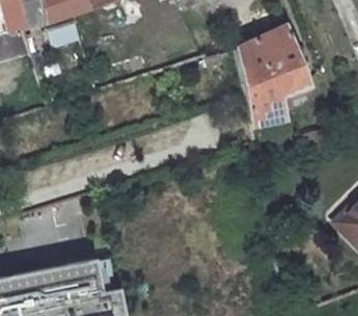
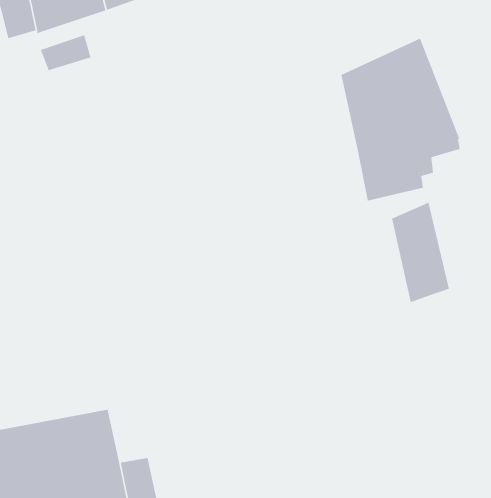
building: none -> [391,201,450,303]

